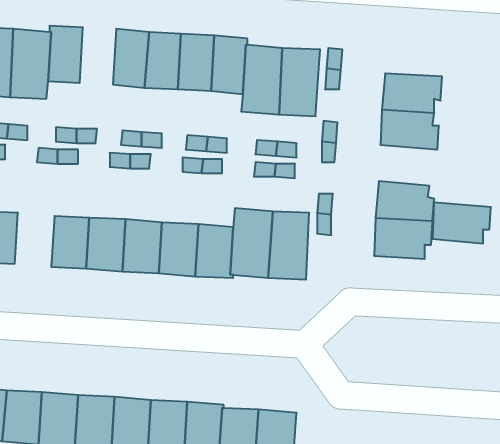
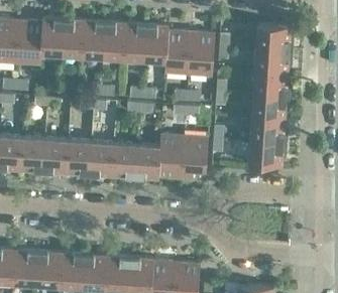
building: none -> [61,19,84,55]
building: none -> [255,24,293,50]
building: [432,202,491,244] -> [251,94,289,120]
building: none -> [19,137,44,171]

